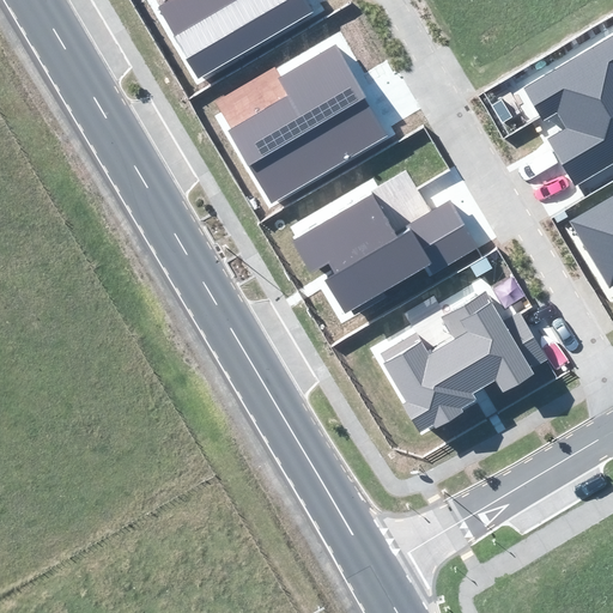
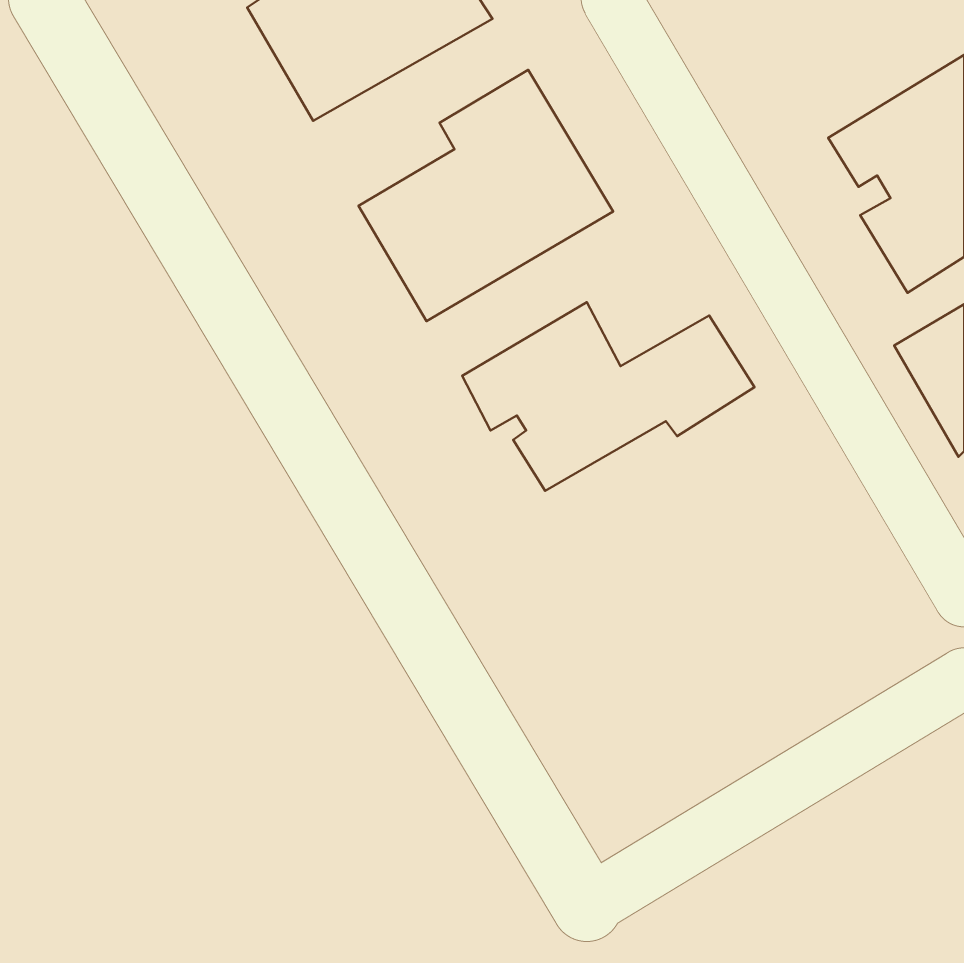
building: [382,289,551,430] -> none

